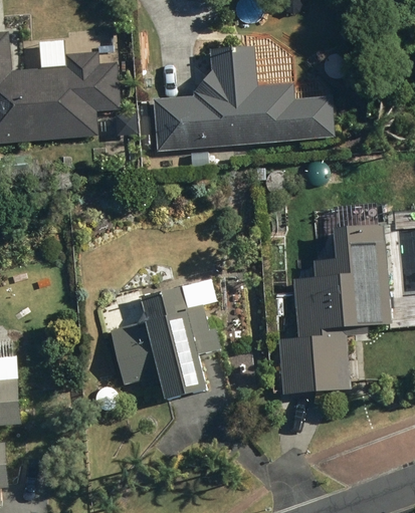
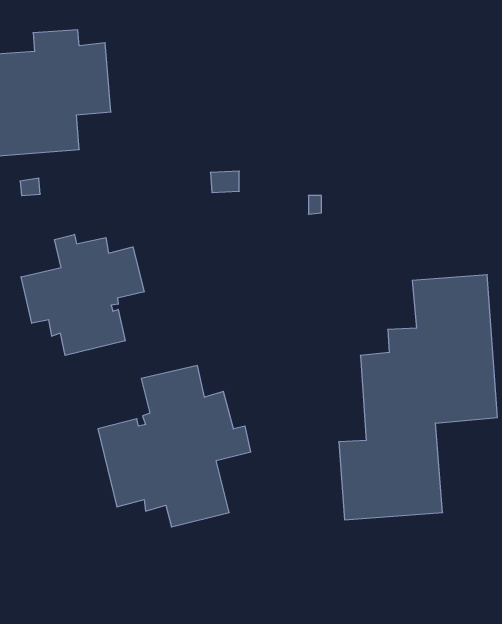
building: [154,45,334,151] -> none
building: none -> [21,234,144,355]

